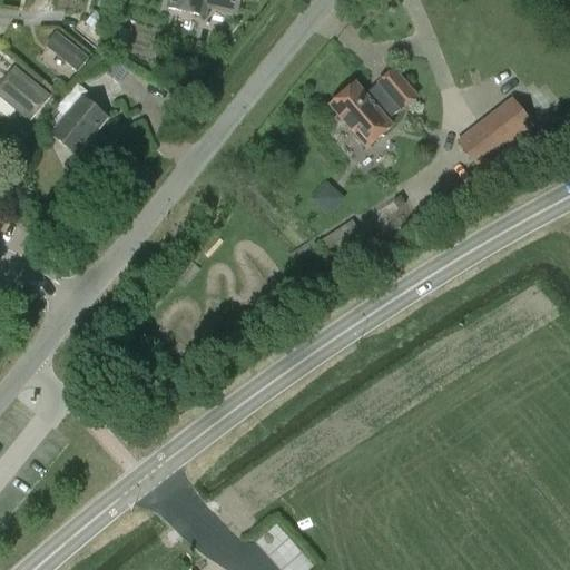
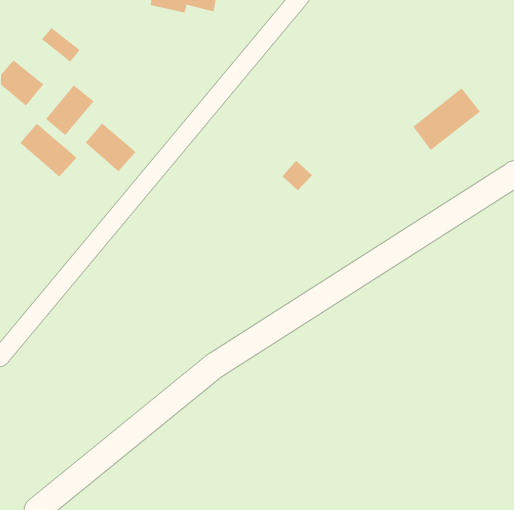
building: [328,68,415,146] -> none
building: none -> [85,123,136,172]
building: none -> [20,123,77,178]

